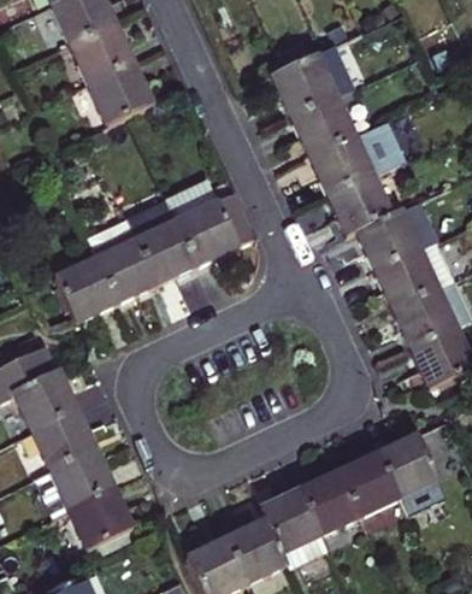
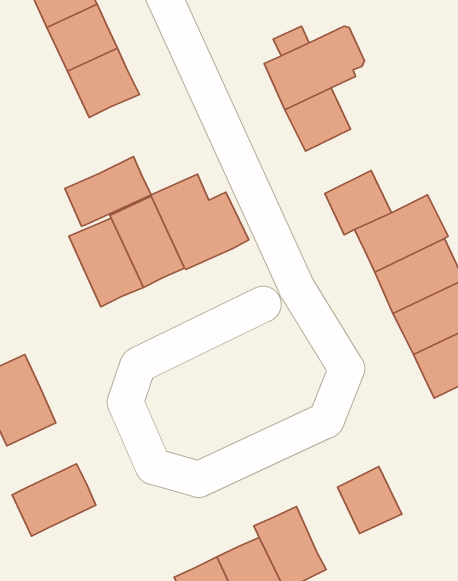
building: [309,120,403,196] -> none
building: none -> [65,157,151,226]
building: [55,258,118,322] -> none
building: [30,411,95,471] -> none
building: [378,433,447,512] -> none
building: [301,471,360,533] -> none
building: [67,488,132,548] -> none

